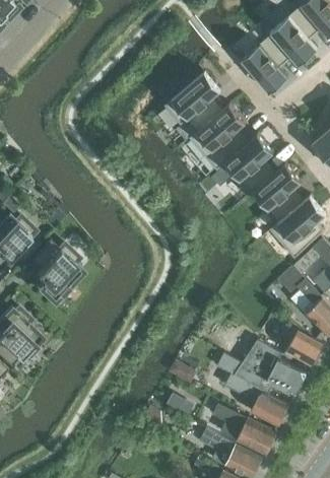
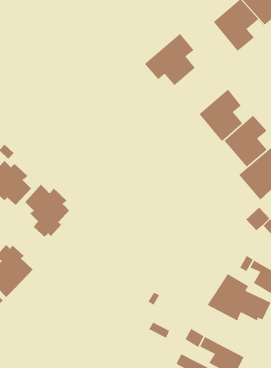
building: [189,105,258,170] -> none
building: [216,354,287,426] -> none

